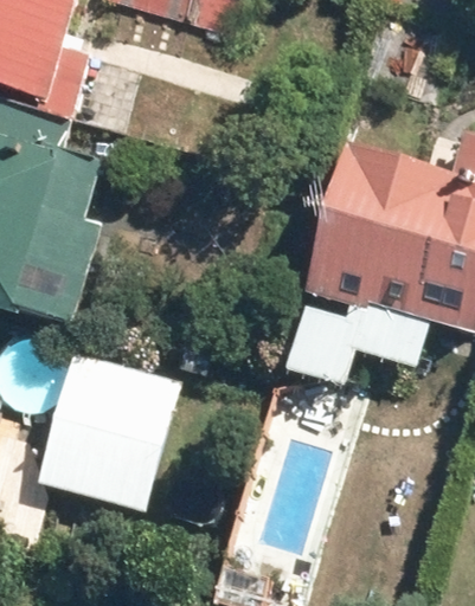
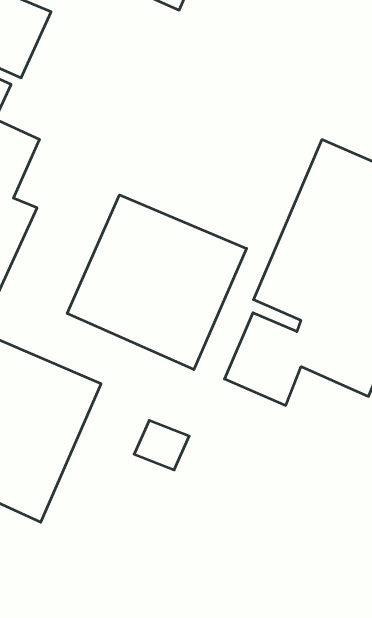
building: none -> [67,195,247,370]

